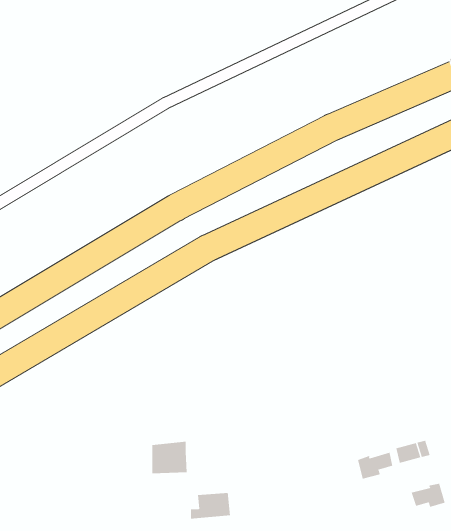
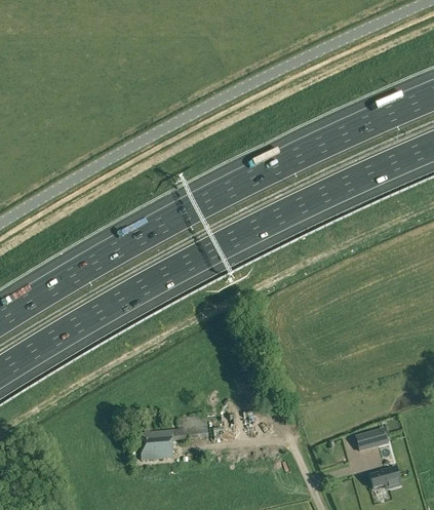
building: [357,452,393,480] -> none
building: [190,492,231,519] -> [172,416,208,439]

